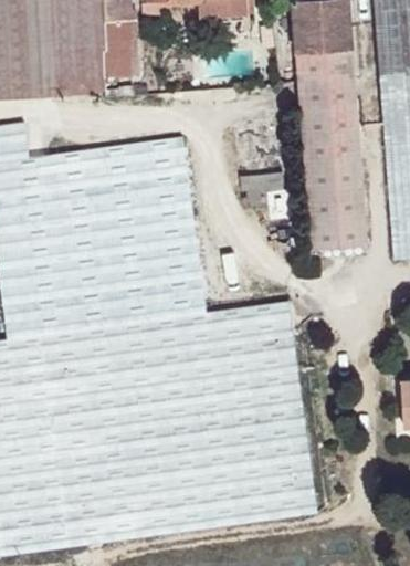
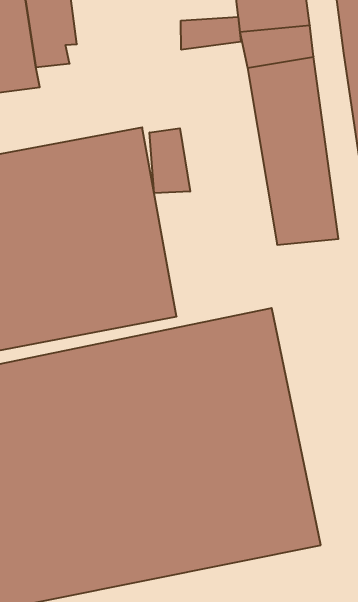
building: none -> [181,17,241,50]
building: none -> [150,128,190,193]

